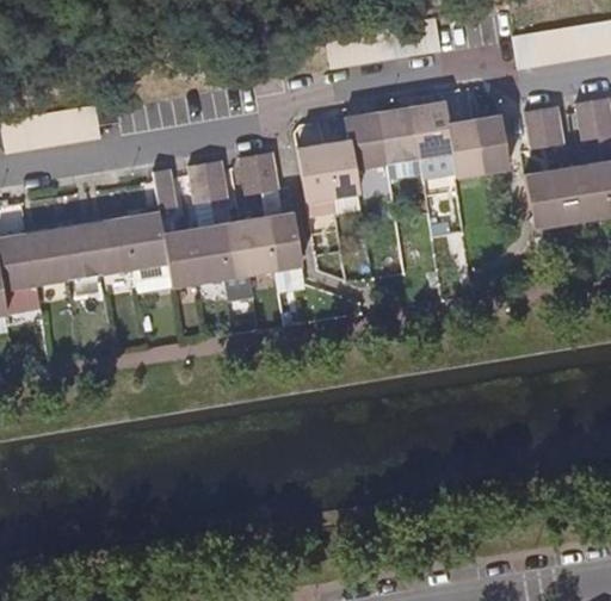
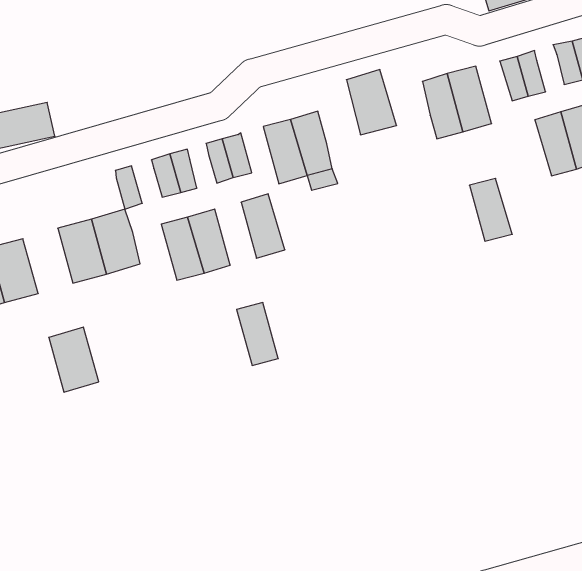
building: [412,103,453,162] -> none
building: [346,114,387,172] -> none
building: [525,172,560,229] -> [469,178,512,241]
building: [243,217,277,274] -> [237,303,278,365]
building: [62,222,104,280] -> [49,327,99,392]
building: [165,229,200,287] -> none

